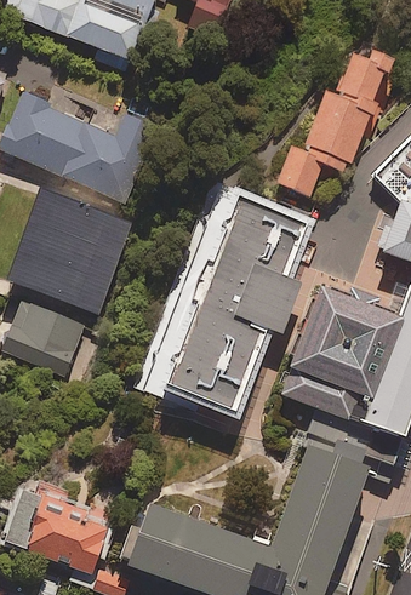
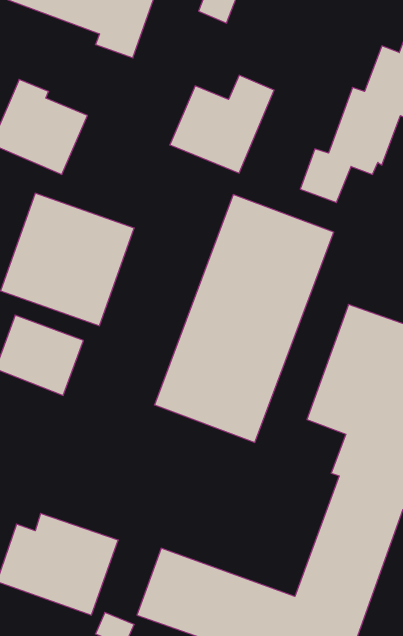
building: [62,110,156,199] -> [170,75,274,173]

